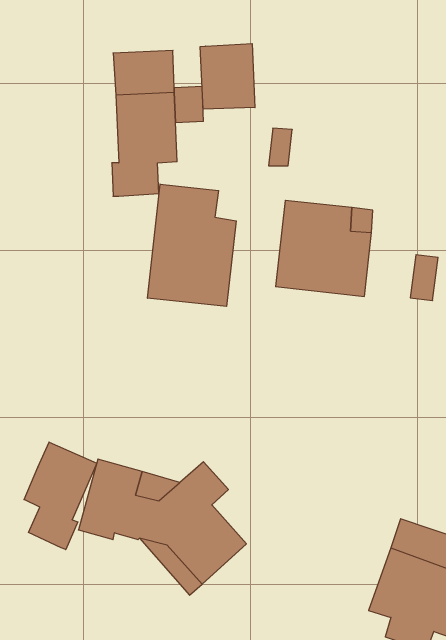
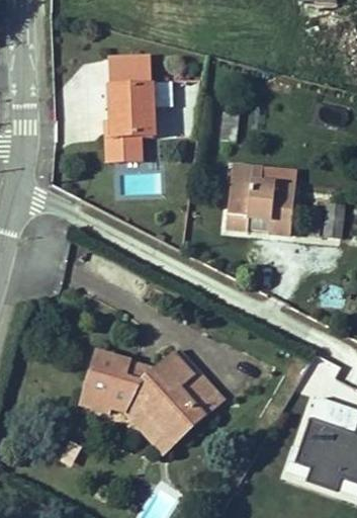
building: [200,44,255,109] -> none
building: [148,184,236,306] -> none
building: [24,442,97,550] -> none
building: none -> [173,349,222,414]

